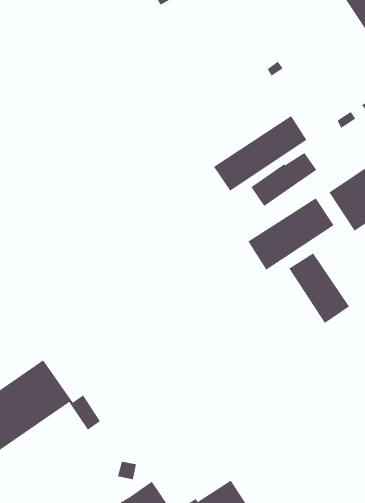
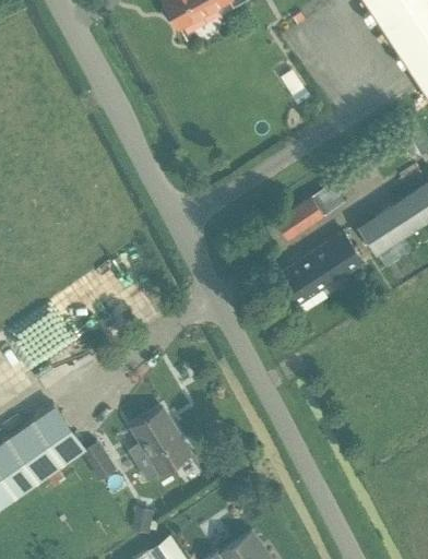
building: [213,115,307,192] -> none
building: [289,252,350,324] -> none
building: none -> [132,409,191,475]

